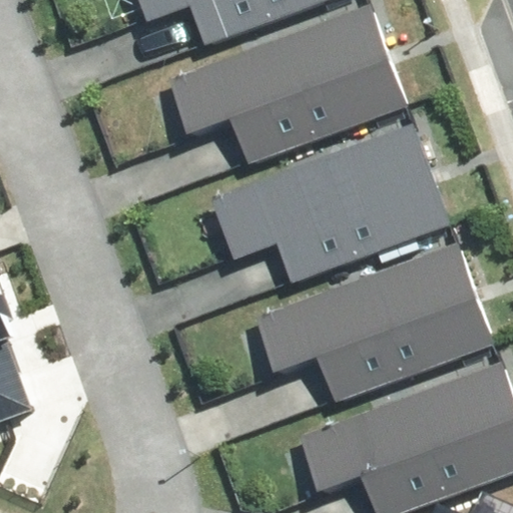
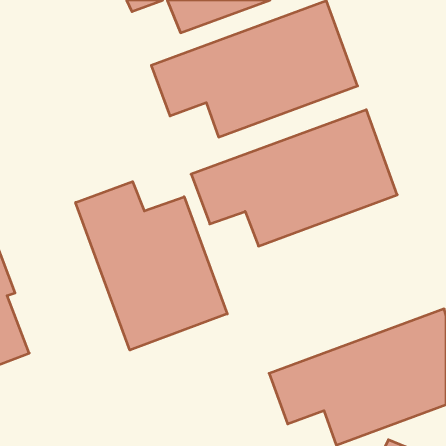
building: none -> [76,182,227,350]
building: [256,242,490,397] -> none

